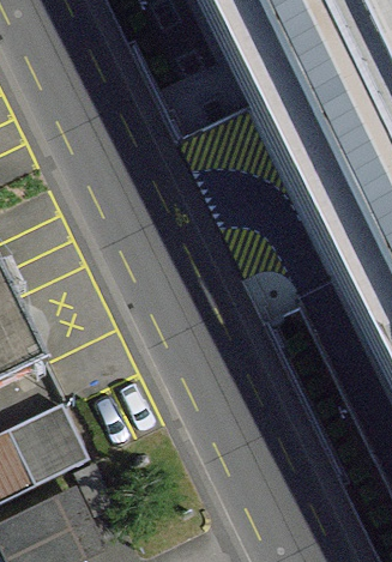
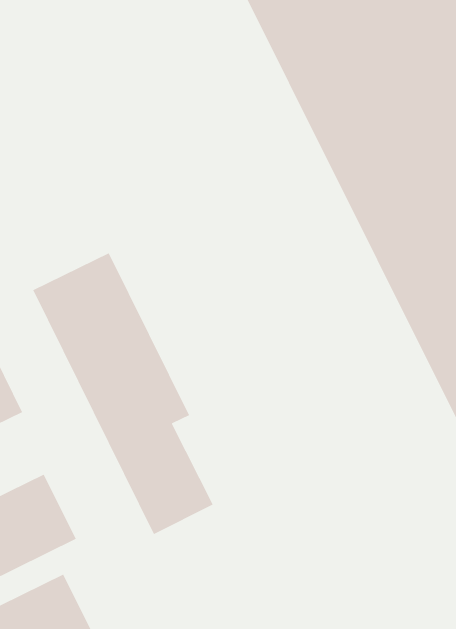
building: none -> [32,252,214,535]

